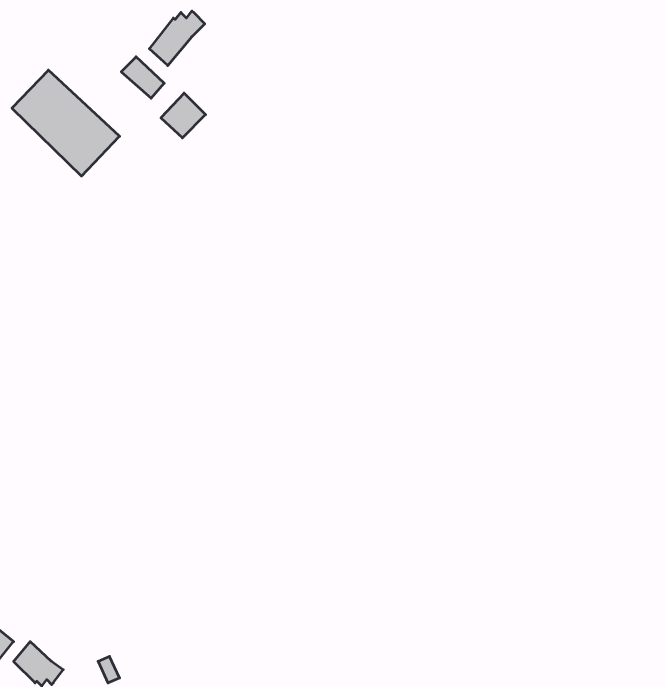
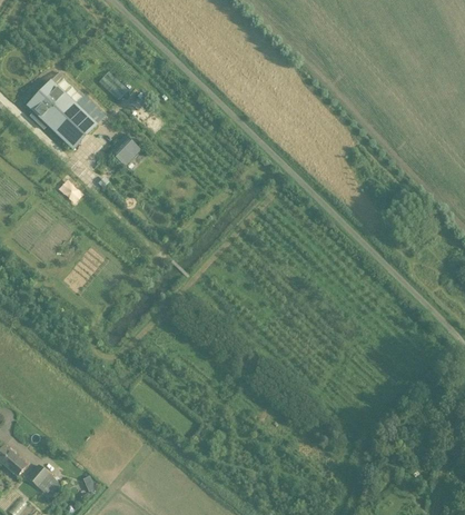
building: [149,11,205,66] -> none
building: [161,93,206,138] -> [110,135,140,165]

